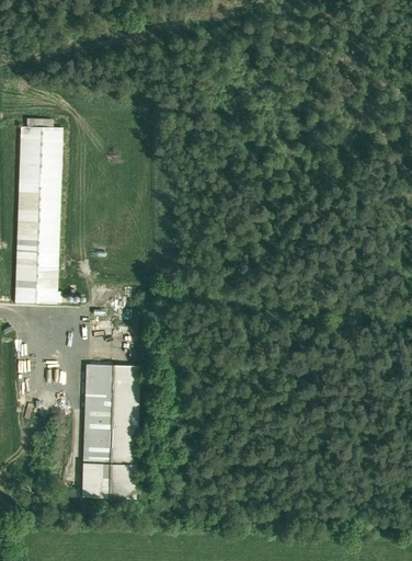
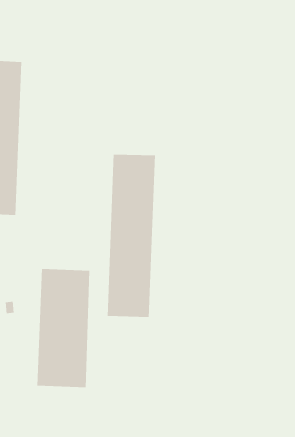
building: none -> [107,154,156,318]

